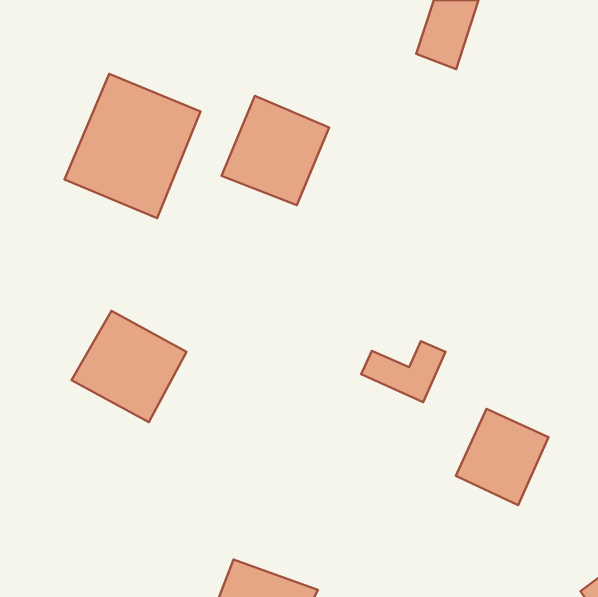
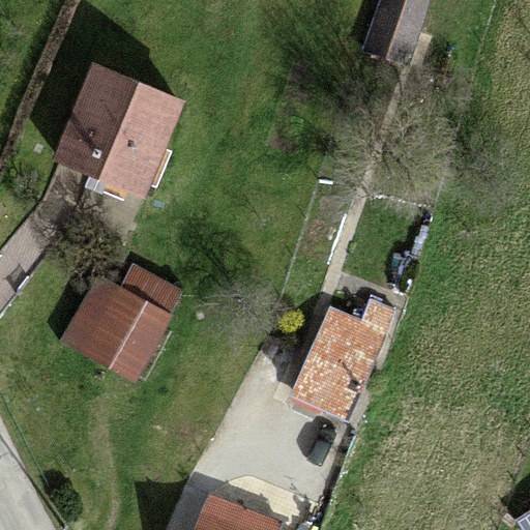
building: [221,96,329,205] -> none
building: [456,409,548,505] -> [293,332,375,417]

